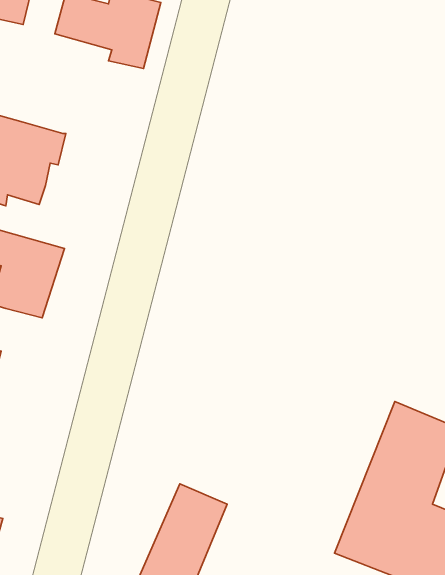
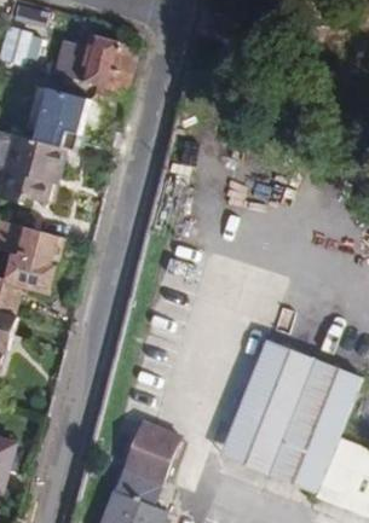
building: none -> [29,86,87,150]
building: none -> [221,338,313,471]

